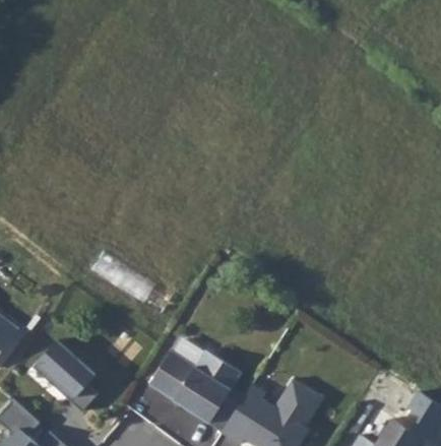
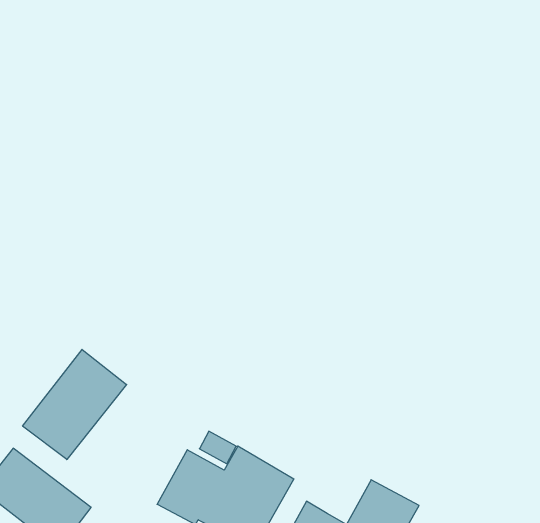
building: none -> [23,349,127,460]

